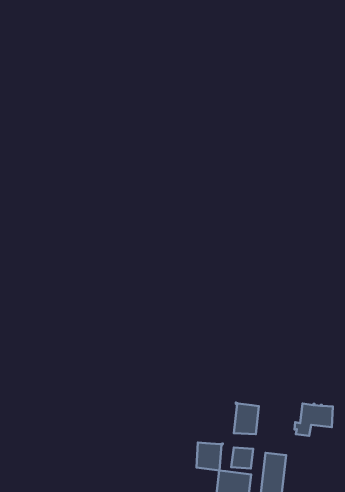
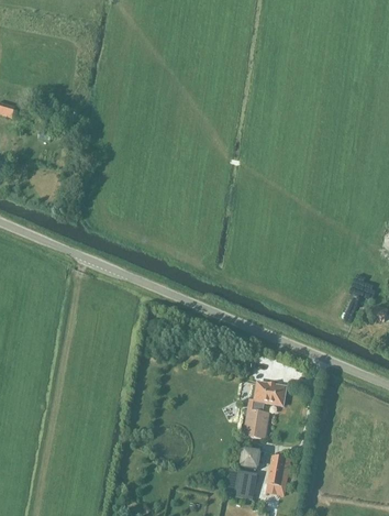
building: [294,403,333,436] -> [248,382,285,411]
building: [196,442,223,470] -> none

